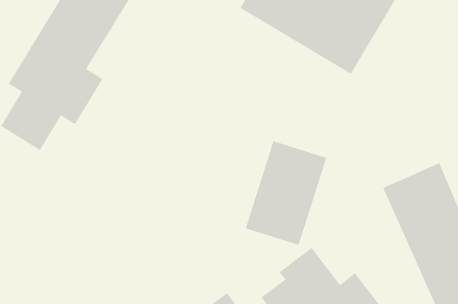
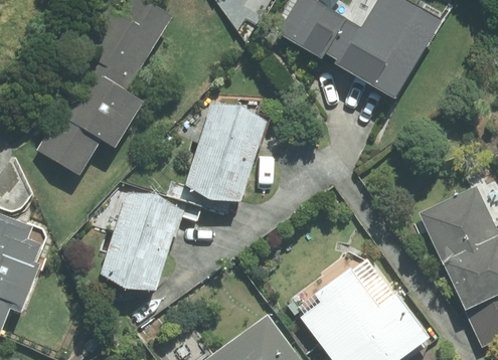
building: [245,140,327,246] -> [184,101,267,206]
building: none -> [102,193,181,292]

